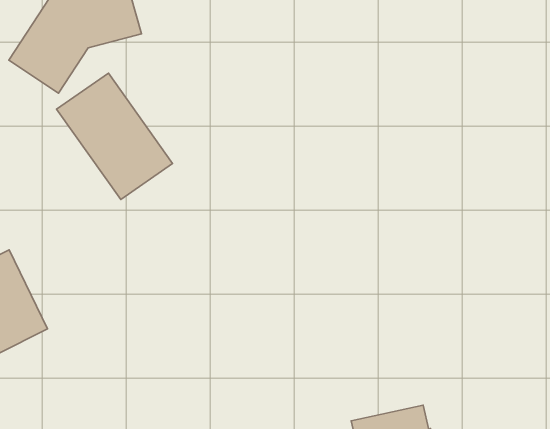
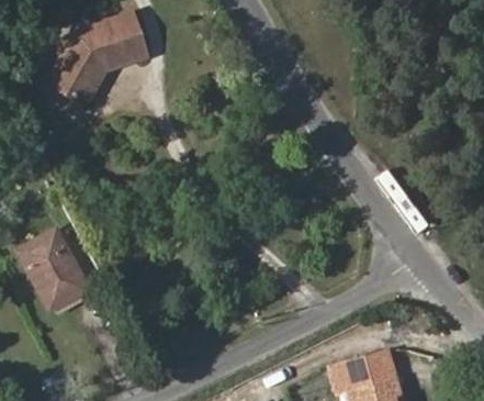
building: [57,73,173,199] -> none

